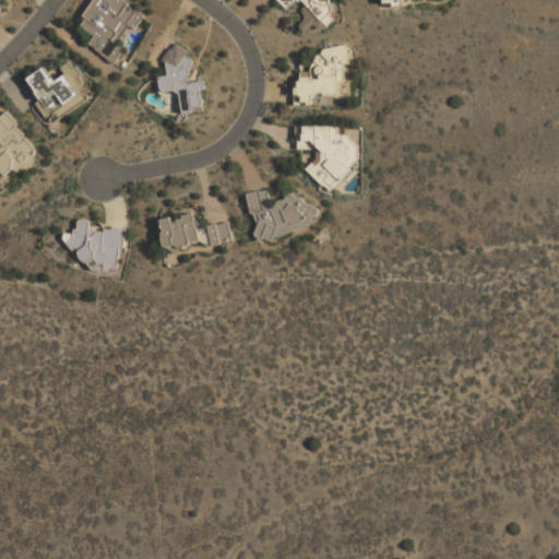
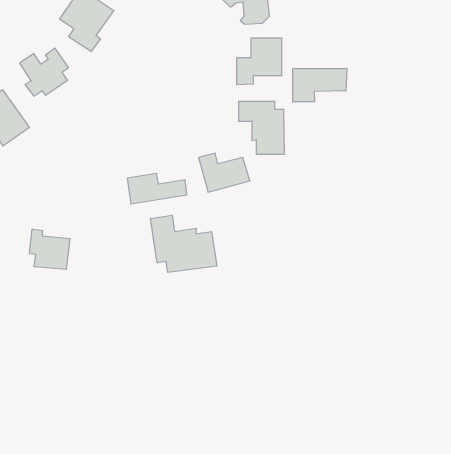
building: [155,46,201,111] -> none
building: none -> [293,68,347,102]
building: [70,217,120,266] -> [29,229,70,269]
building: none -> [150,215,217,272]

